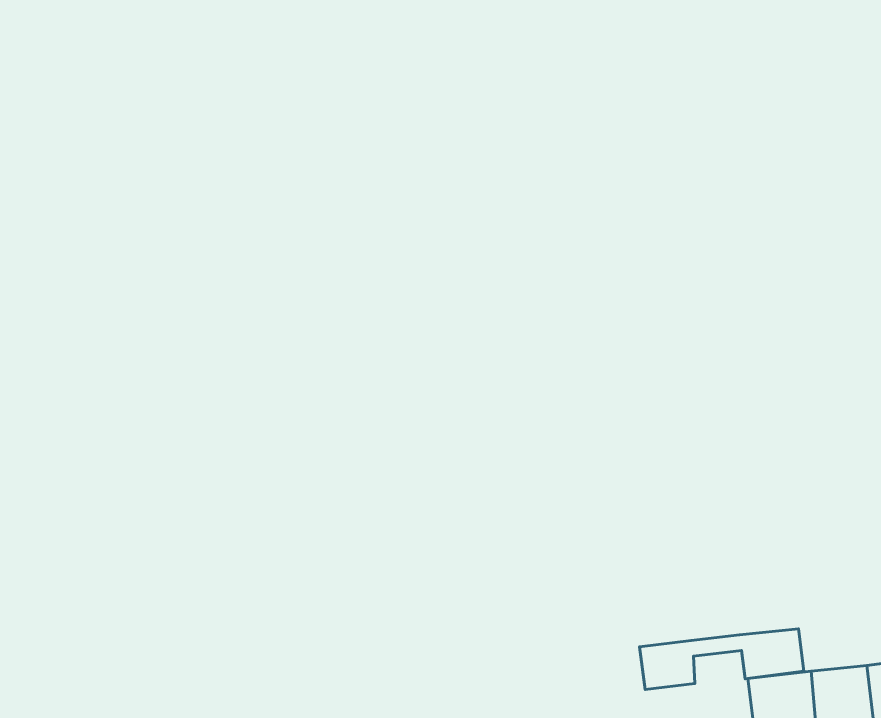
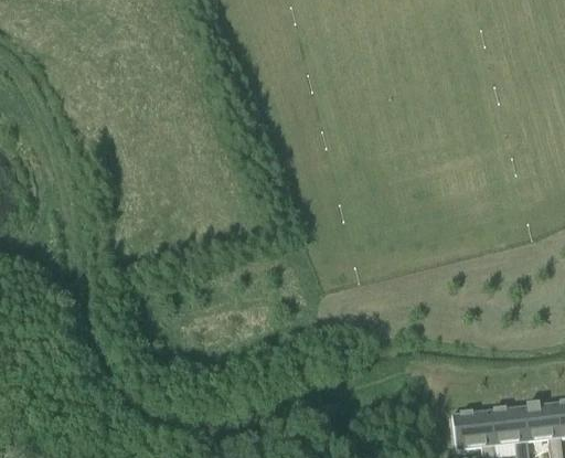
building: [640,629,804,689] -> none

